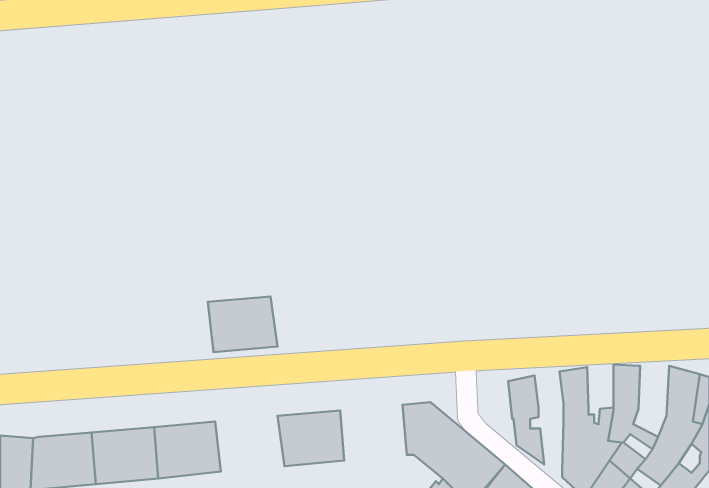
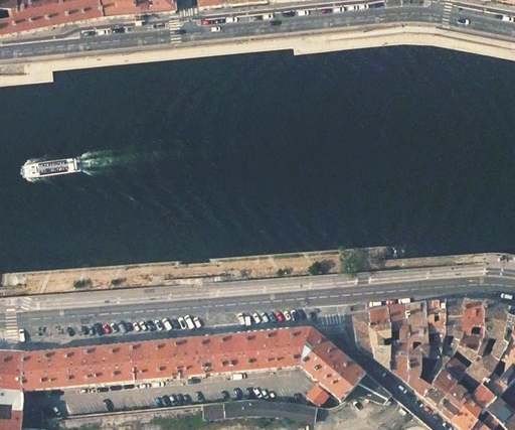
building: [208,296,277,352] -> [156,336,206,377]
building: none -> [459,297,485,351]
building: none -> [425,299,445,331]
building: none -> [387,304,408,381]
building: none -> [353,311,374,357]
building: none -> [246,328,295,369]

